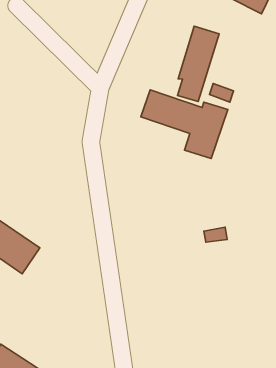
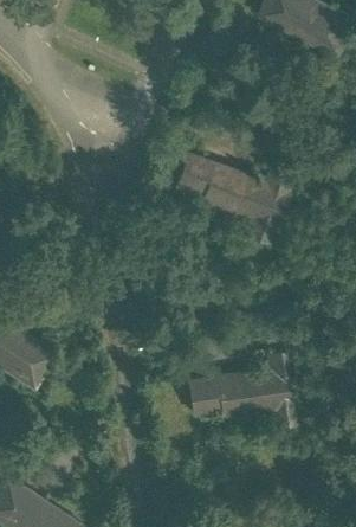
building: [177,26,219,102] -> none
building: none -> [187,348,302,424]

